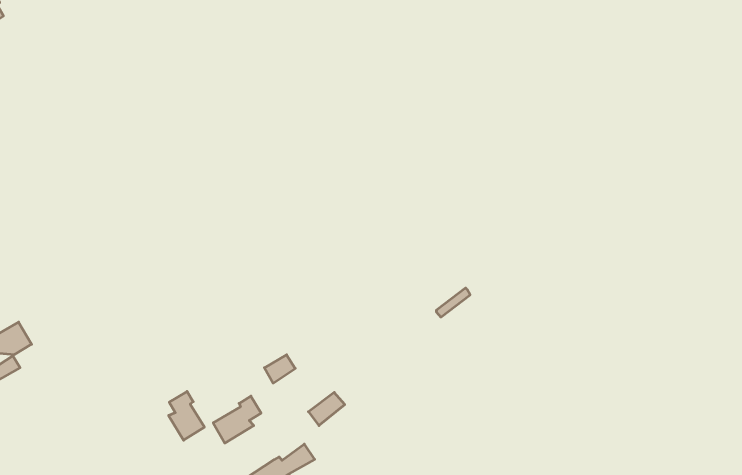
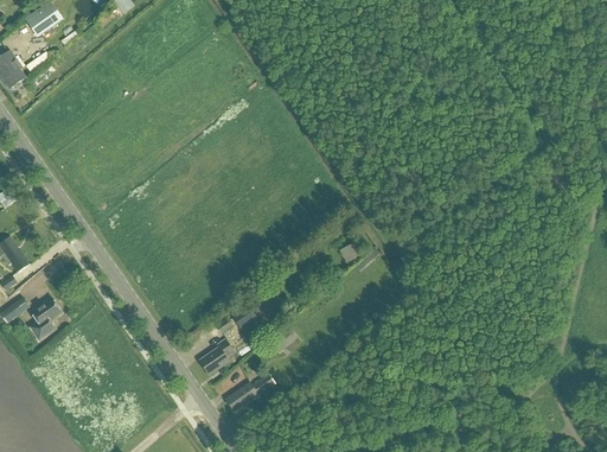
building: [169,391,204,440] -> none

